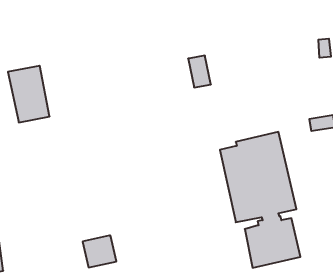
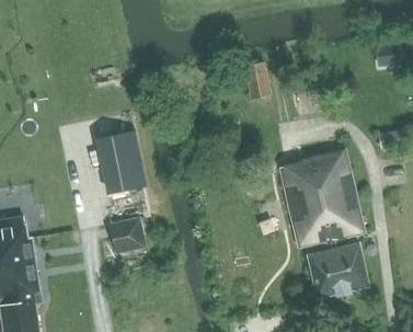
building: [8,66,50,122] -> [95,131,141,194]
building: [83,236,116,267] -> [108,218,146,253]

